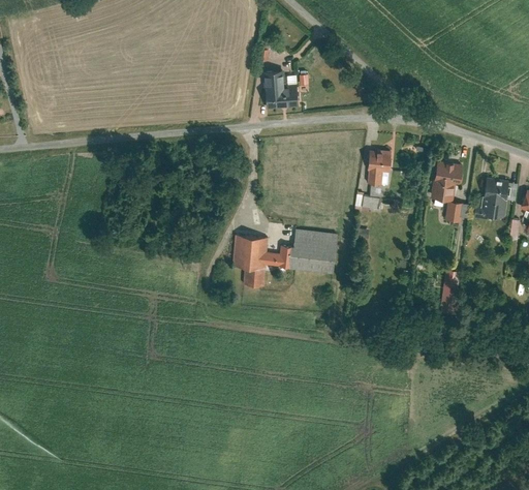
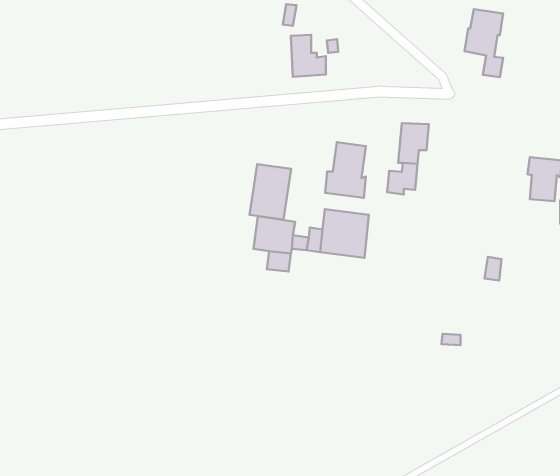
building: [430,160,465,222] -> [465,9,503,77]
building: none -> [325,142,366,198]
building: none -> [249,164,291,220]

